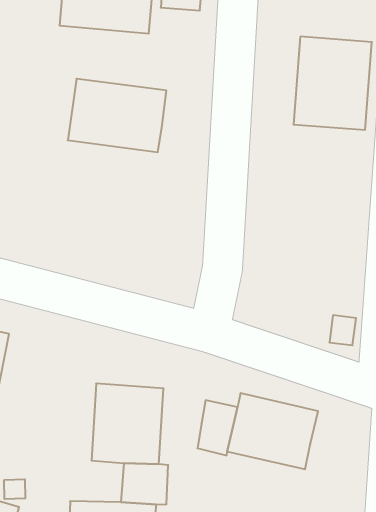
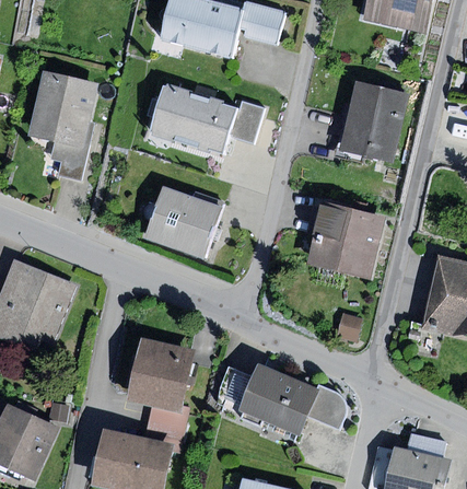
building: none -> [229,100,265,143]
building: none -> [306,201,386,278]
building: none -> [145,186,222,257]
building: none -> [307,385,346,430]

